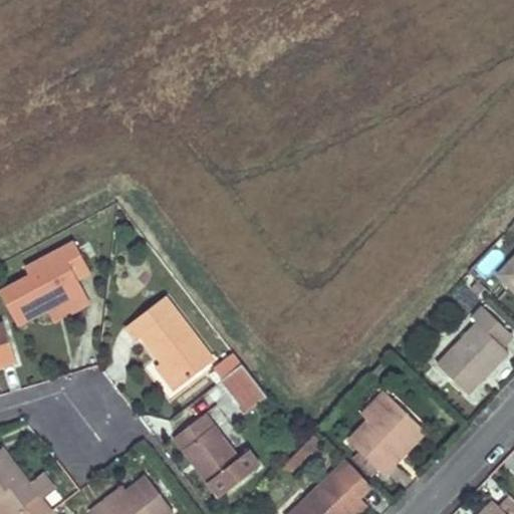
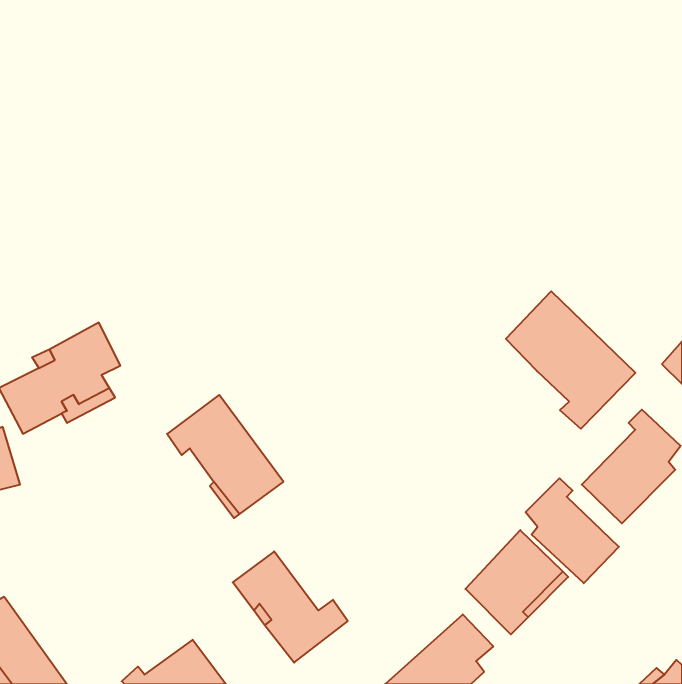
building: none -> [506,291,635,429]
building: none -> [526,478,619,583]
building: [221,364,265,413] -> none

